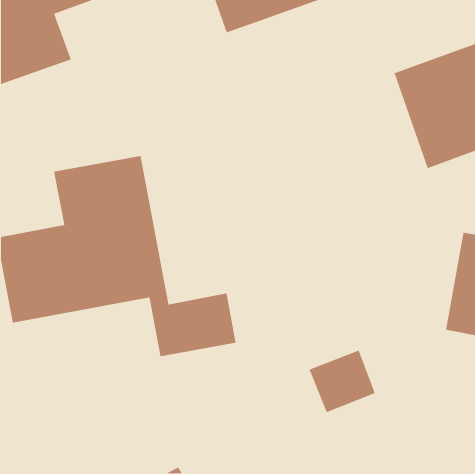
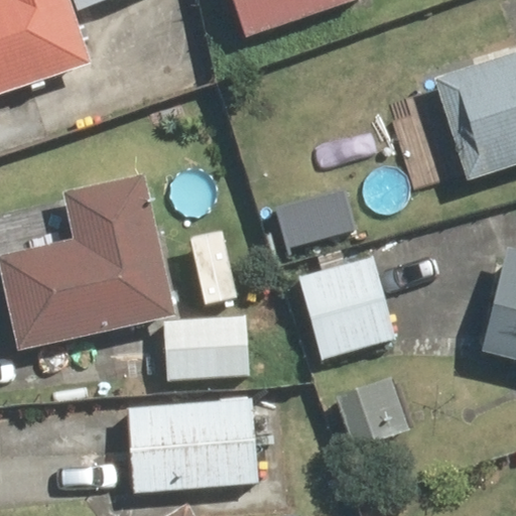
building: none -> [294,250,395,359]
building: none -> [126,403,260,490]

